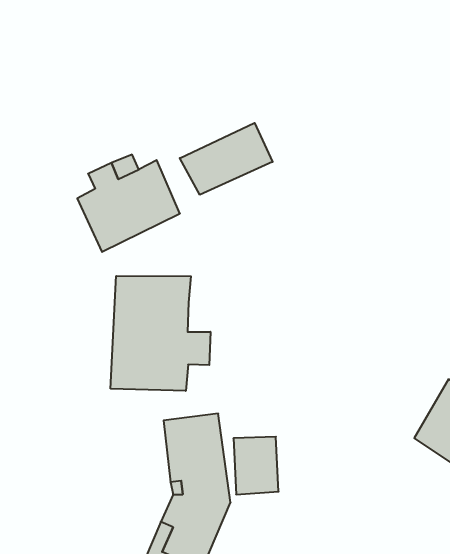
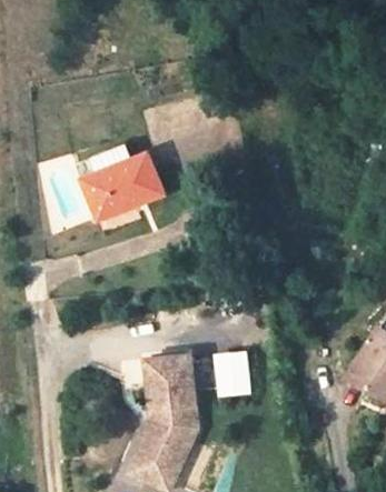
building: [180,123,273,195] -> none
building: [111,276,210,391] -> none

